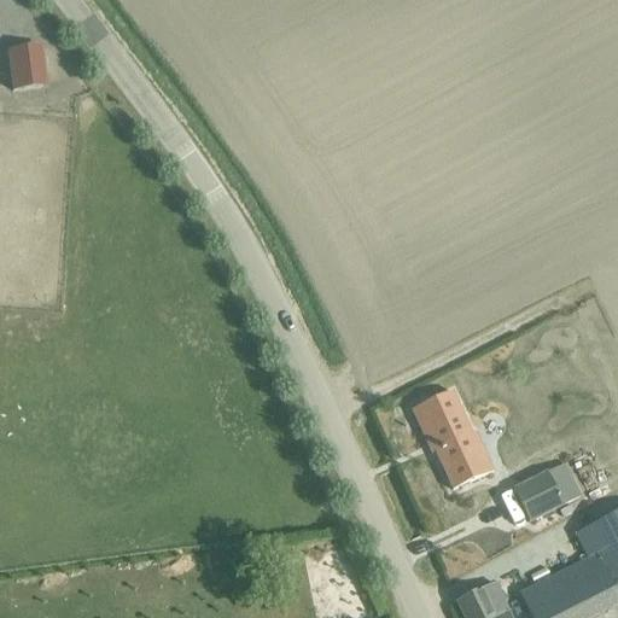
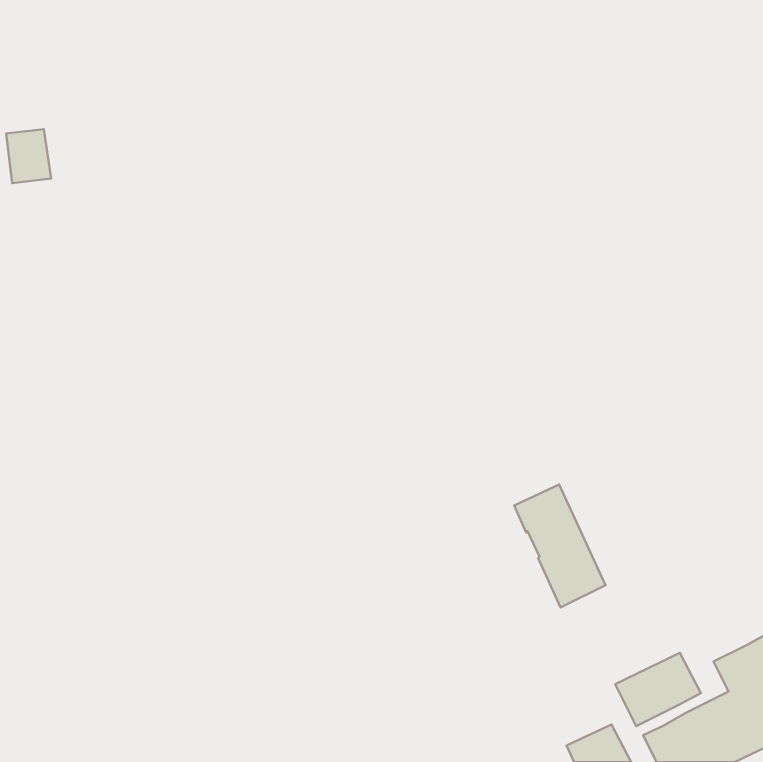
building: [8,45,45,88] -> [6,129,51,183]
building: [514,461,583,520] -> [615,653,701,726]

